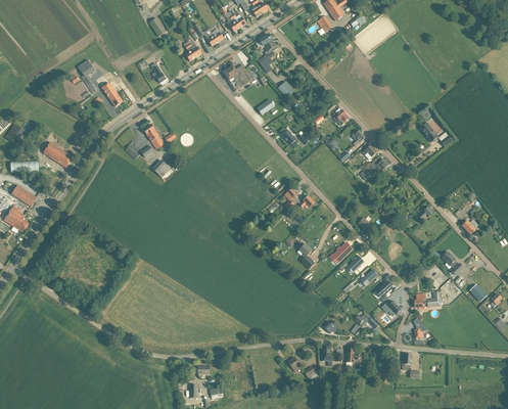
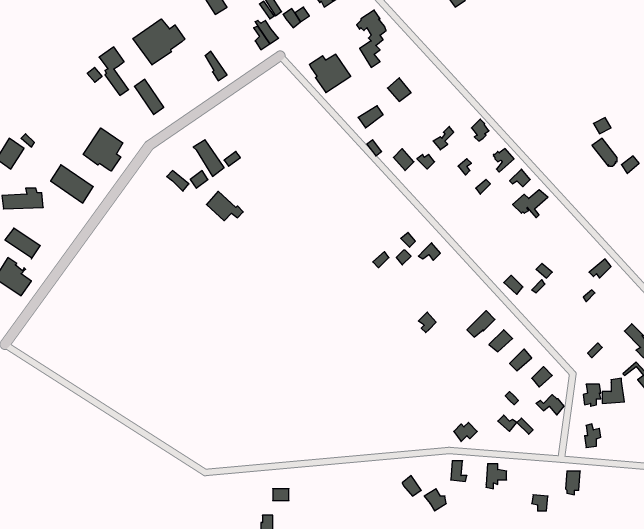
building: none -> [133,19,185,65]
building: none -> [83,128,123,171]

